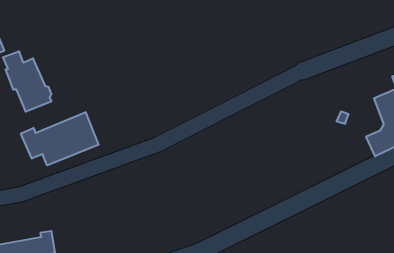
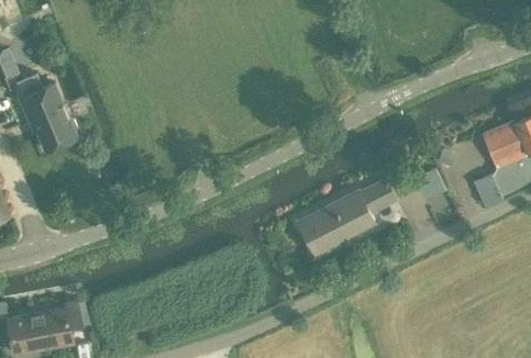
building: [21,112,99,165] -> none
building: none -> [300,181,394,257]

